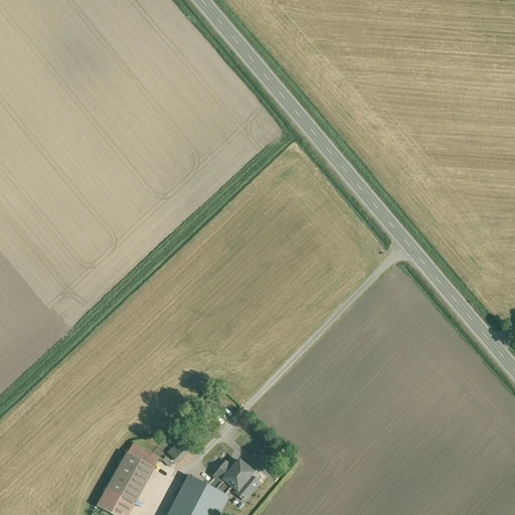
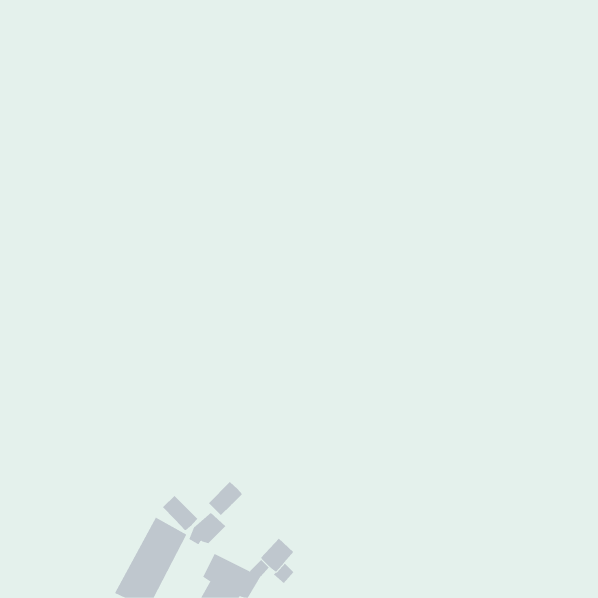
building: none -> [208,481,242,516]
building: none -> [162,495,198,531]

